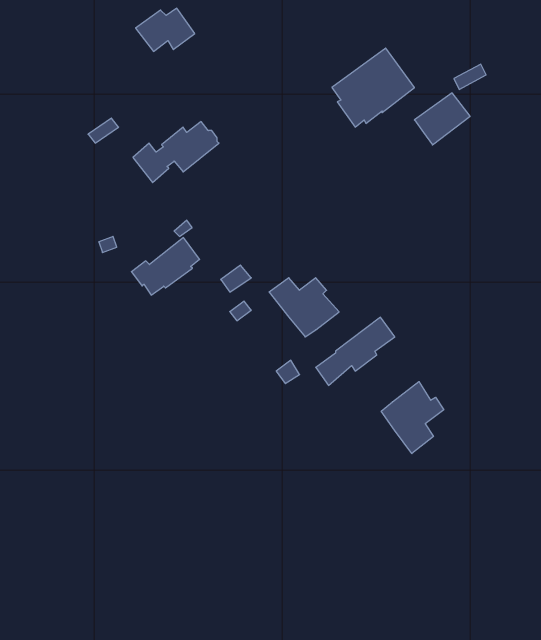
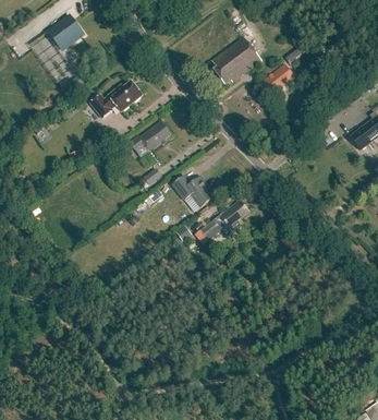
building: [136,8,195,51] -> [48,19,84,45]
building: [131,238,200,295] -> [130,121,171,156]
building: [381,382,444,454] -> none

